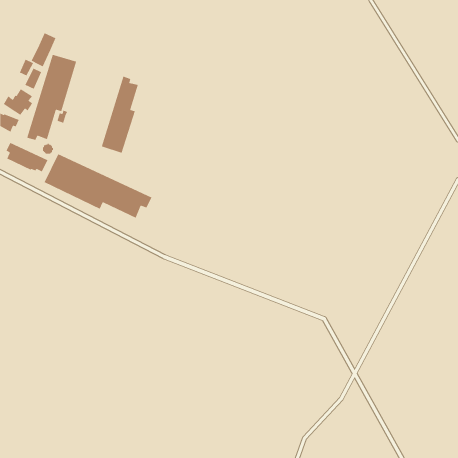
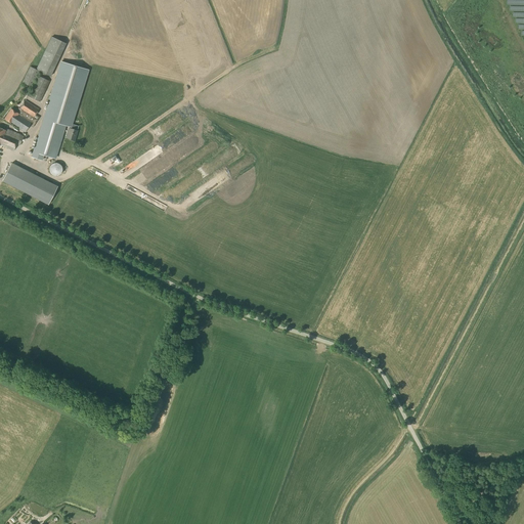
building: [101,76,139,154] -> none
building: [43,153,152,219] -> none

